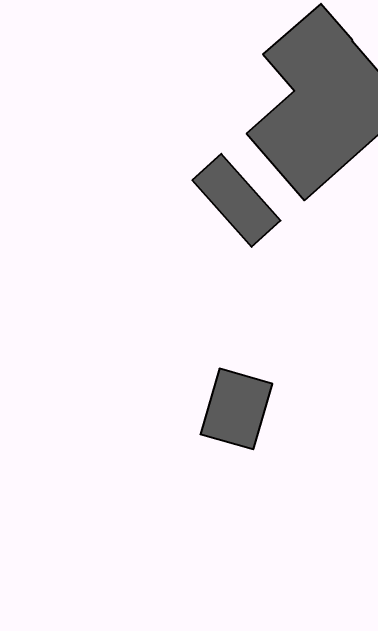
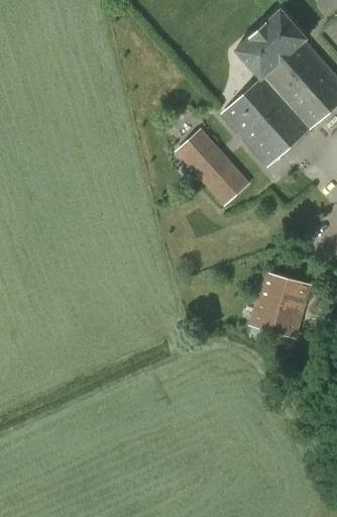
building: [200,369,272,449] -> [251,272,309,336]

